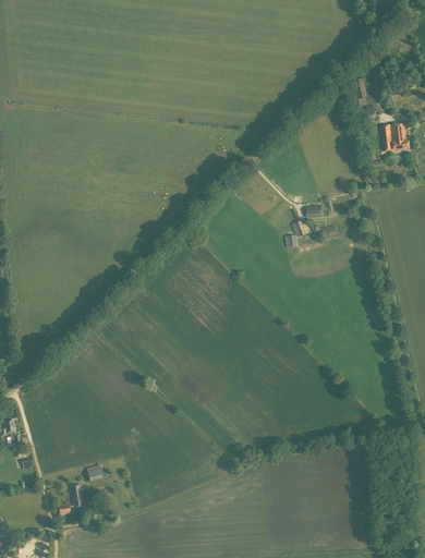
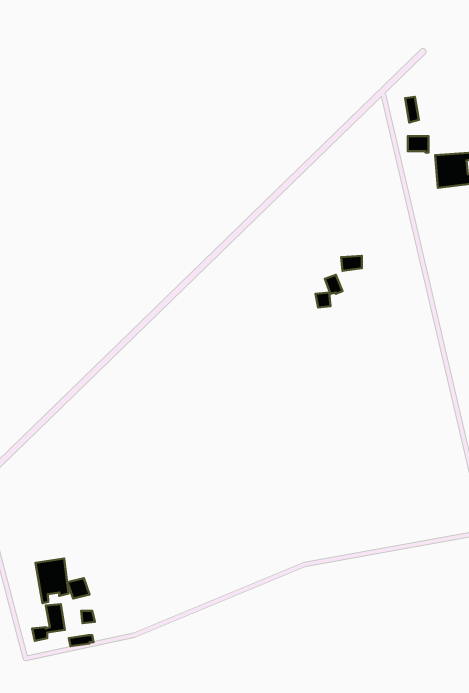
building: none -> [36,558,68,603]

